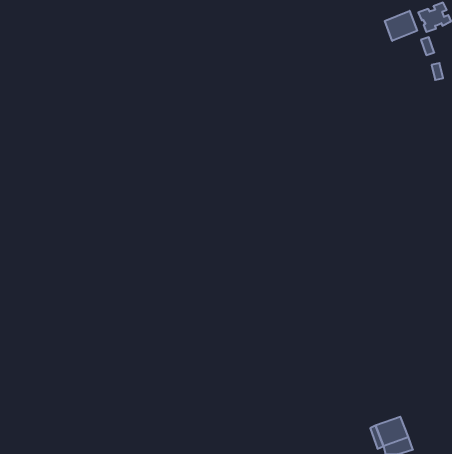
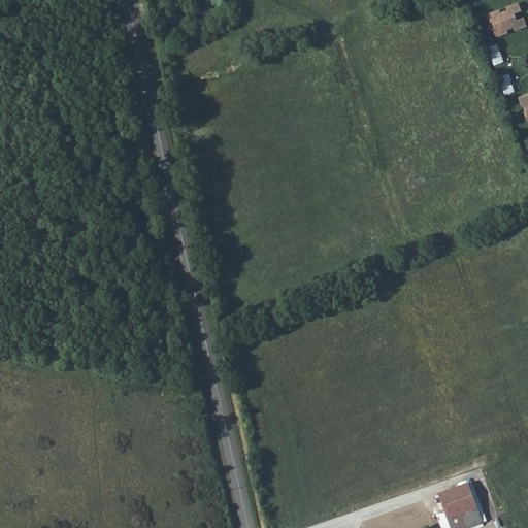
building: [385,11,417,41] -> none

